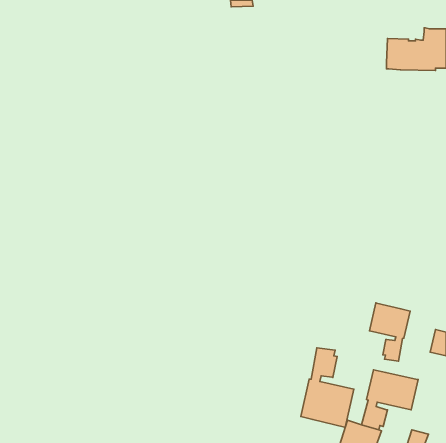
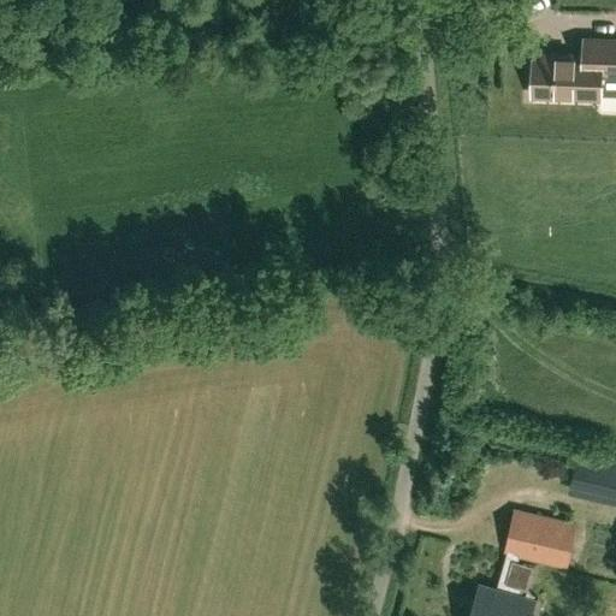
building: [370,303,410,361] -> none
building: [301,348,354,428] -> none

